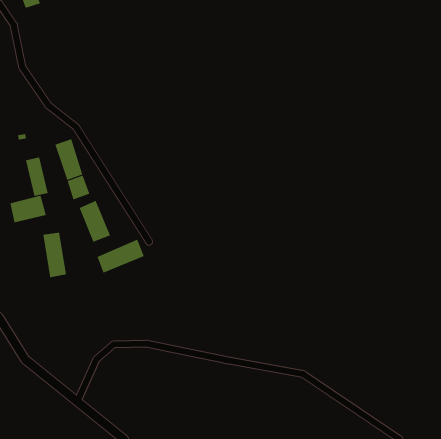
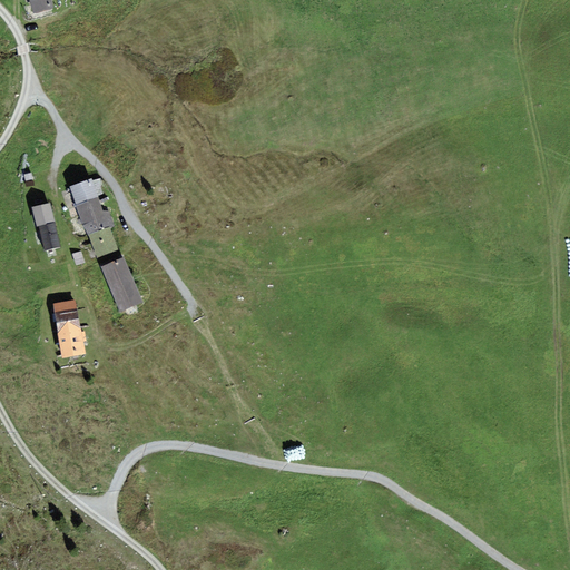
building: [10,195,46,223] -> none
building: [97,239,144,273] -> none

